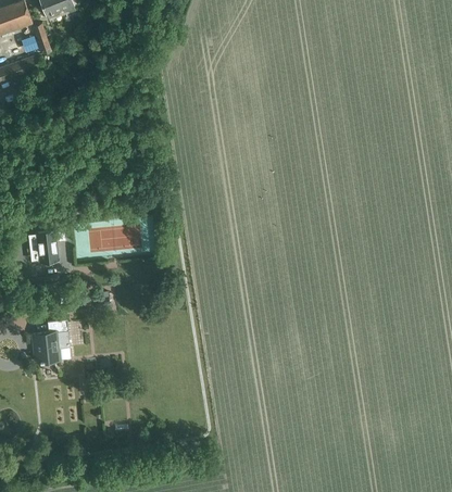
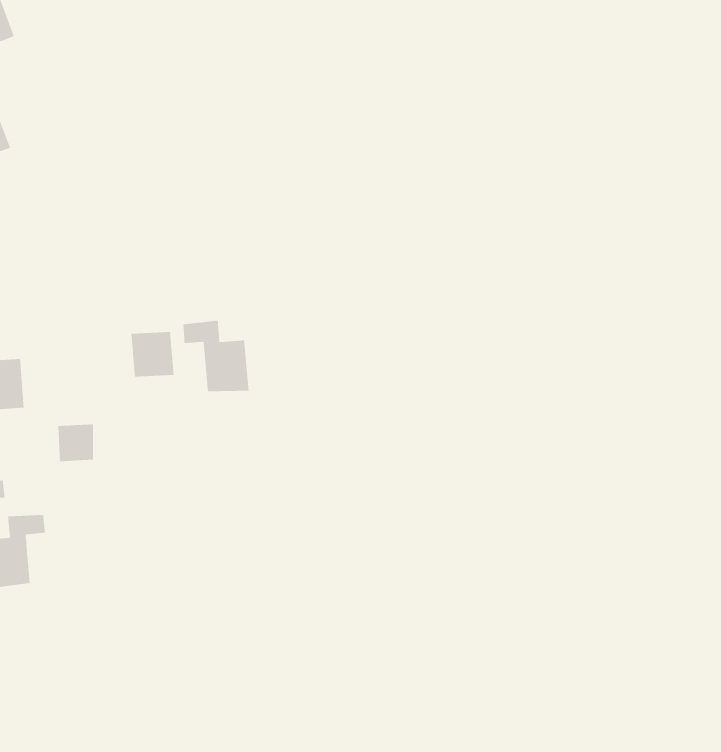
building: none -> [182,320,249,392]
building: [89,223,110,244] -> [57,424,94,462]

